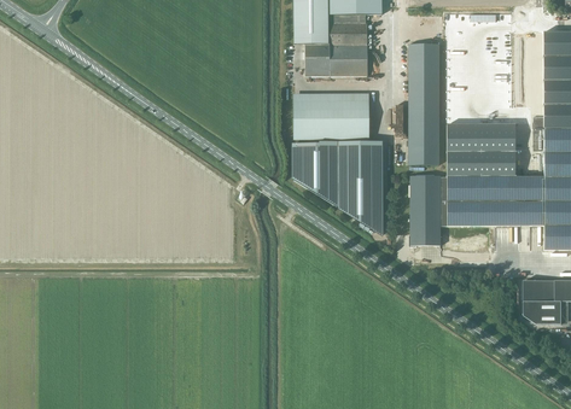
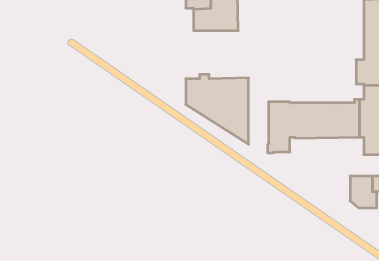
building: [409,43,439,164] -> none
building: [296,100,368,136] -> none
building: [448,123,515,176] -> none

